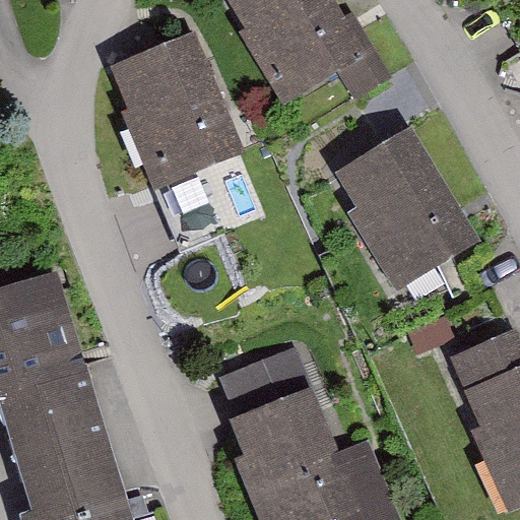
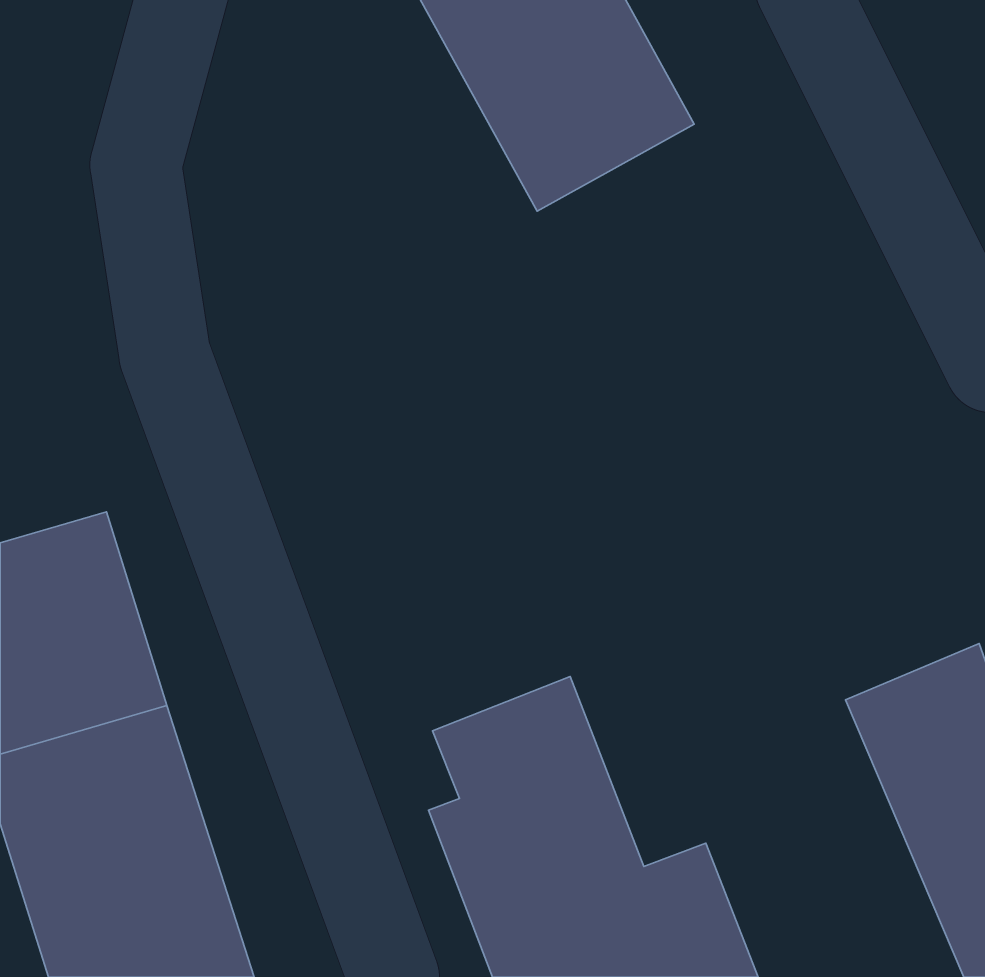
building: [106,36,240,188] -> none
building: [327,134,471,287] -> none

